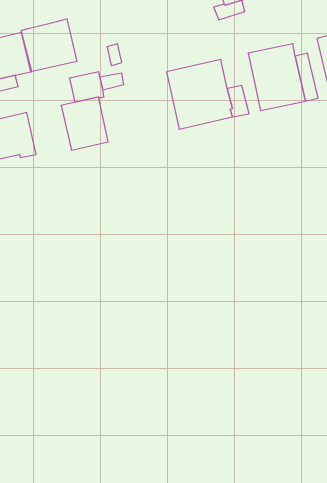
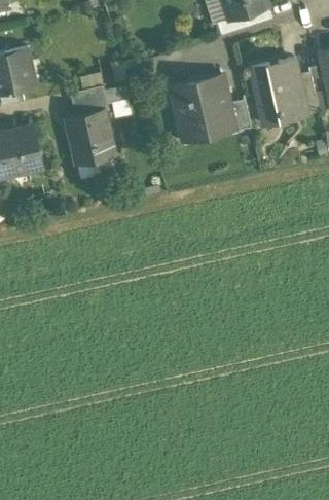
building: [21,19,77,72] -> none
building: none -> [76,154,116,178]

